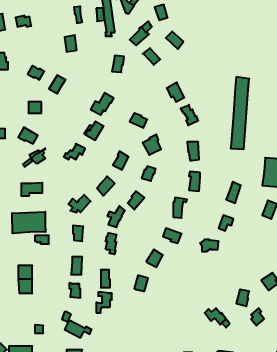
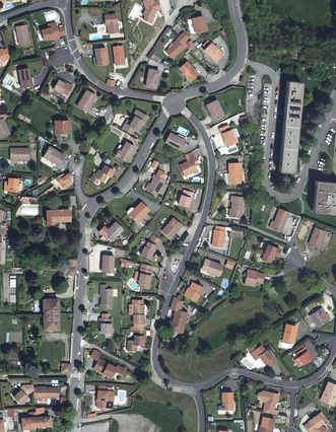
building: [12,212,46,233] -> none

